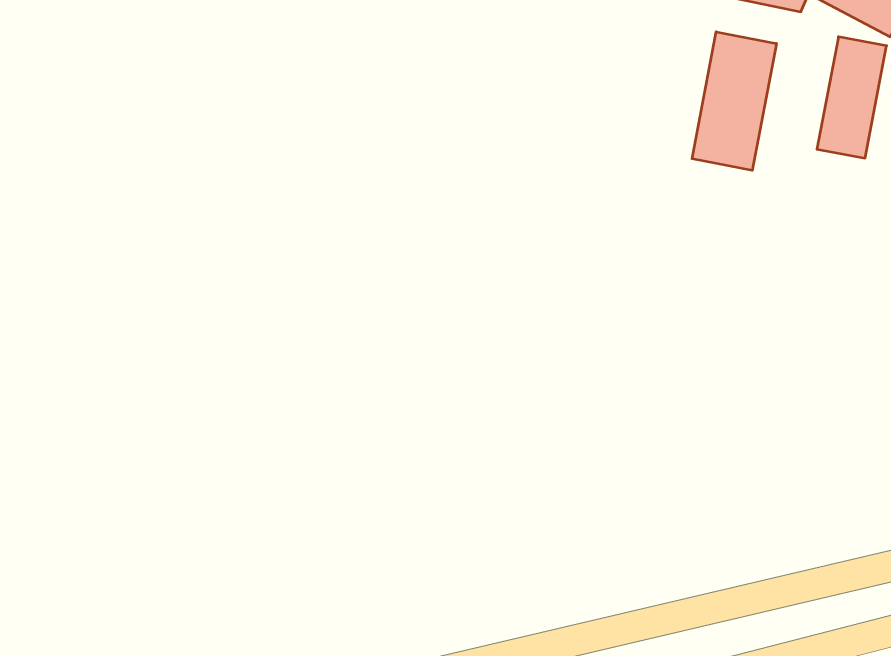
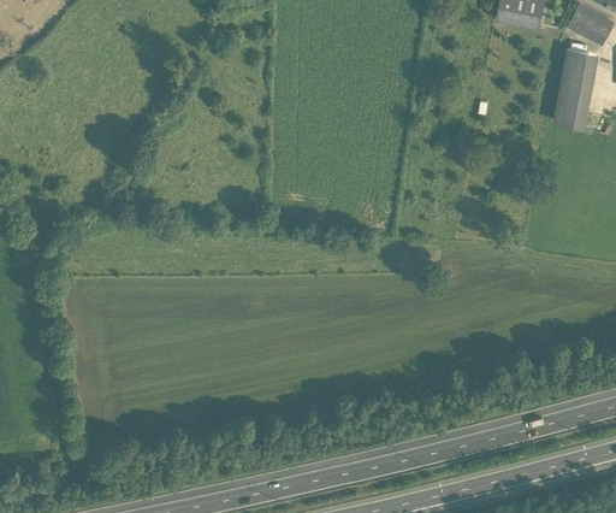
building: [692,32,776,170] -> none

